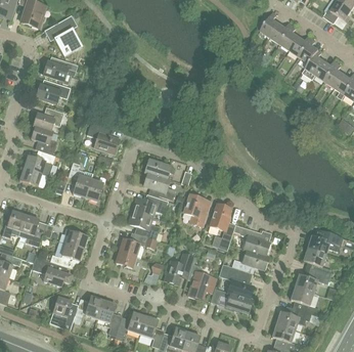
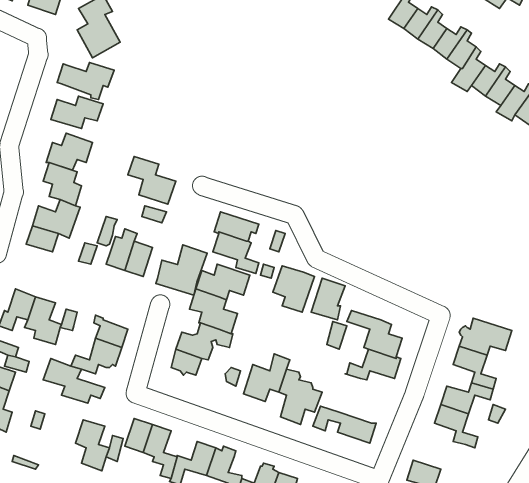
building: none -> [156,245,207,295]
building: [218,261,253,298] -> none
building: [276,308,311,328] -> none

